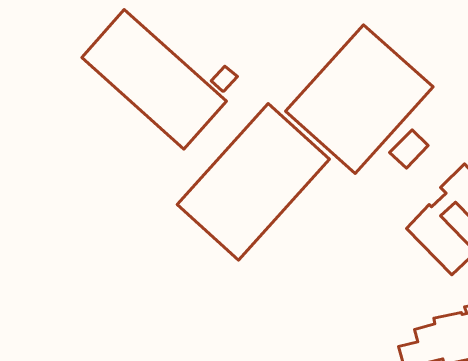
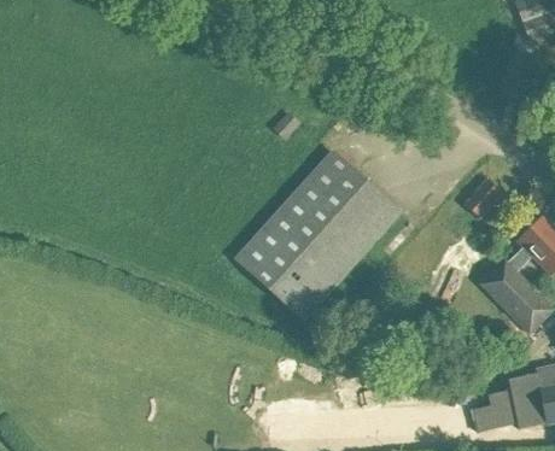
building: [82,9,226,149] -> none
building: [285,25,433,174] -> none

